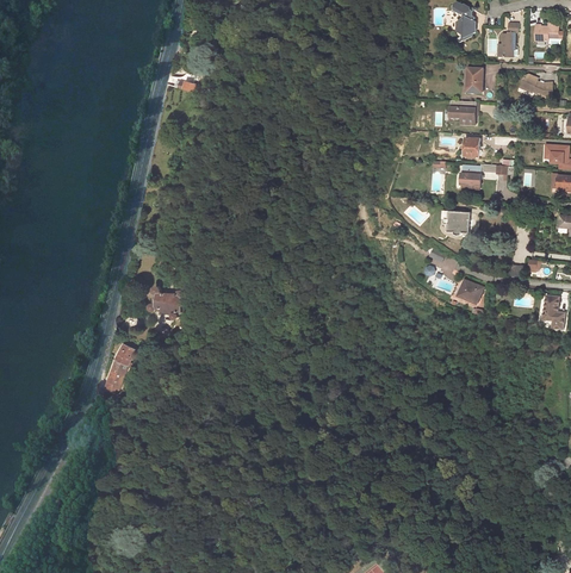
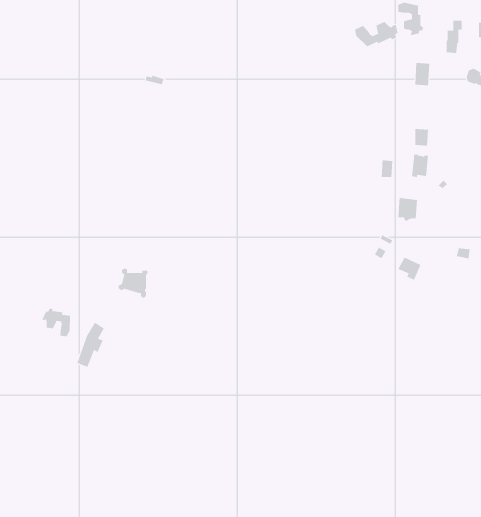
building: none -> [355,21,398,47]
building: [452,100,479,124] -> none
building: none -> [42,308,71,337]

